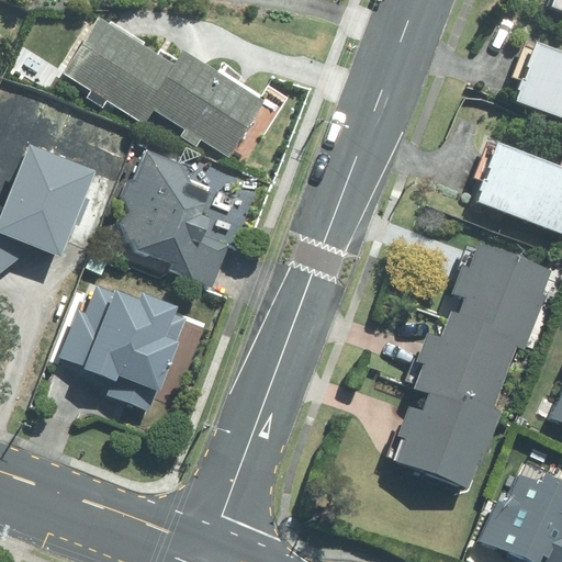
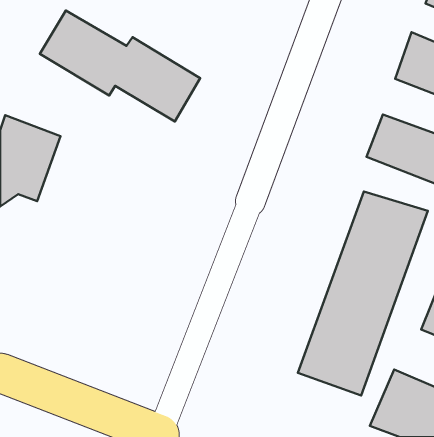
building: [111,147,235,283] -> none
building: [59,283,177,424] -> none

